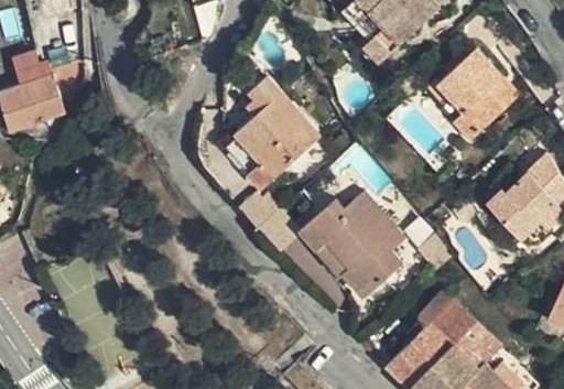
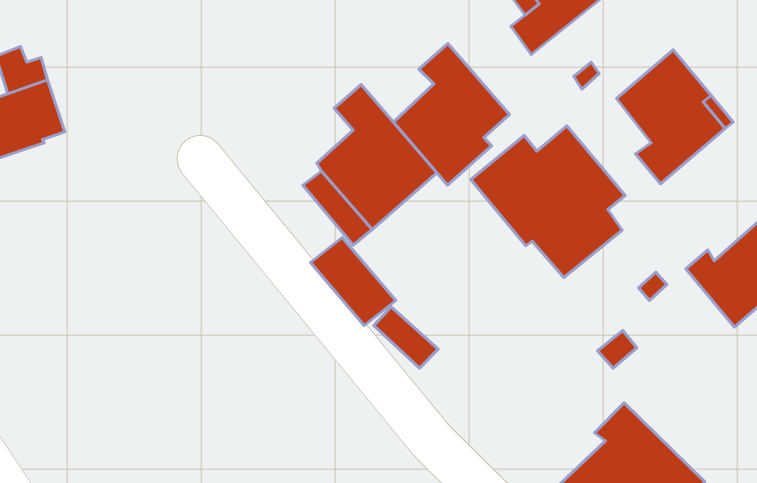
building: none -> [393,43,509,185]
building: [300,190,408,295] -> [471,126,625,277]

